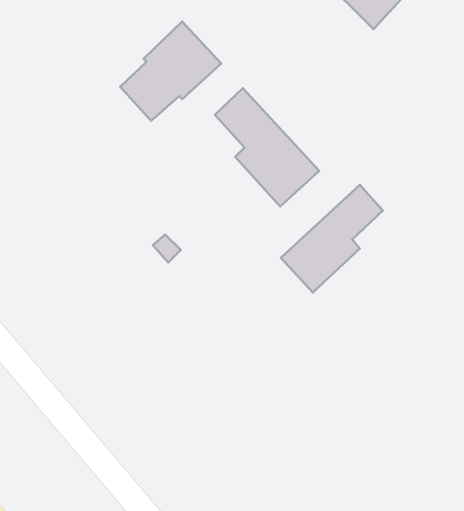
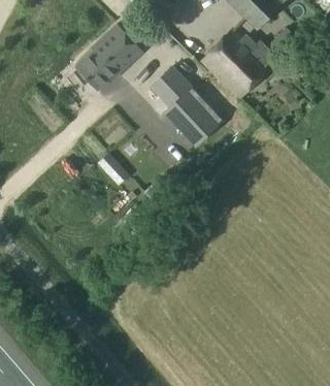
building: none -> [200,29,268,98]
building: [281,185,383,293] -> none

